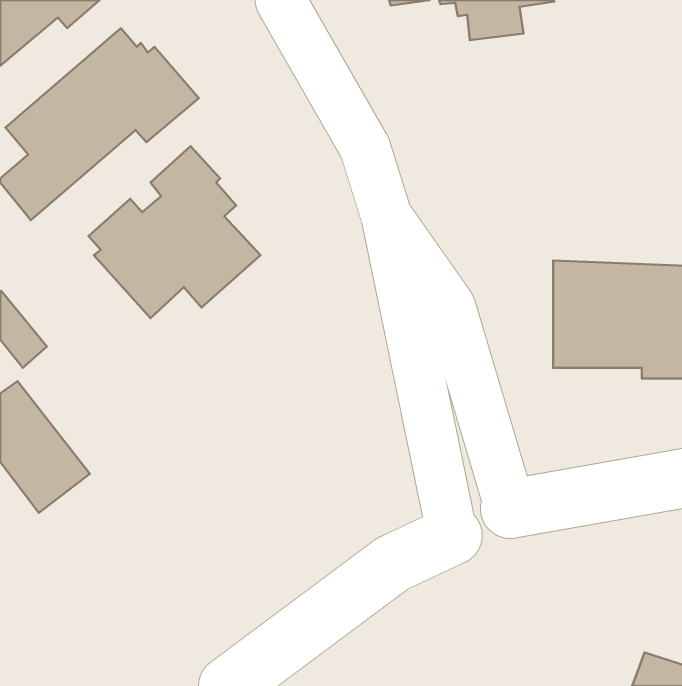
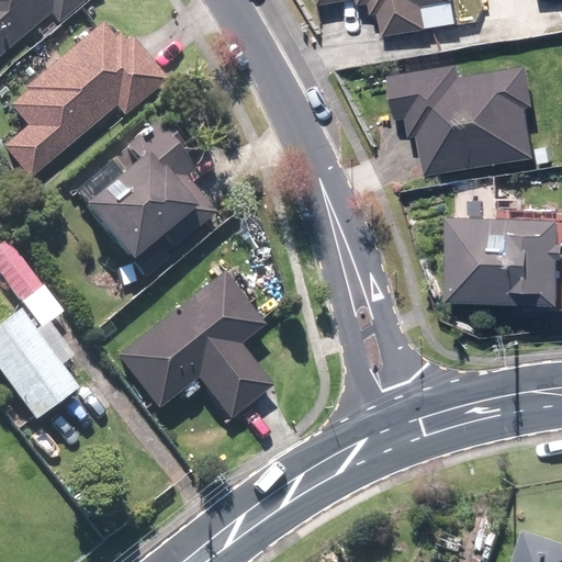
building: none -> [396,65,539,173]
building: none -> [117,272,270,420]

